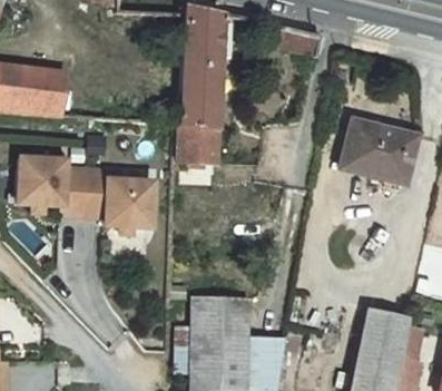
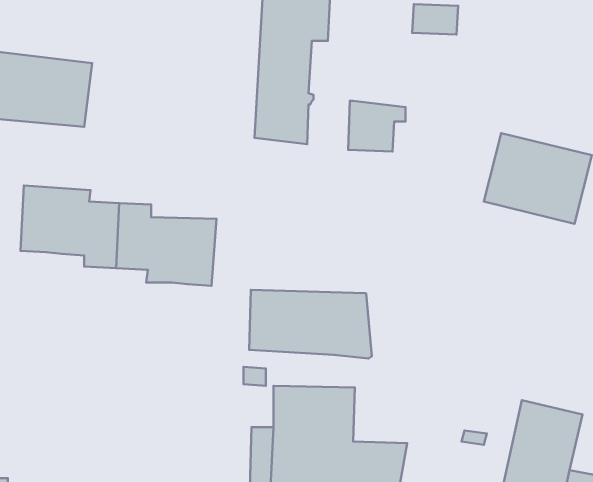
building: [177,124,217,159] -> [348,101,405,152]
building: none -> [249,290,372,359]

